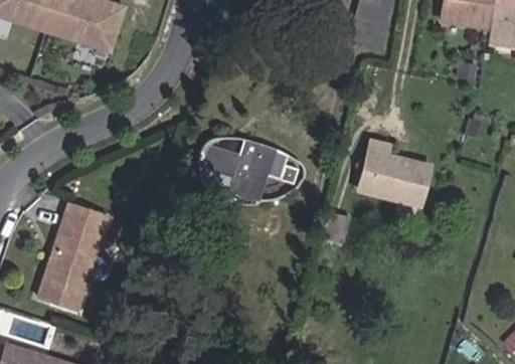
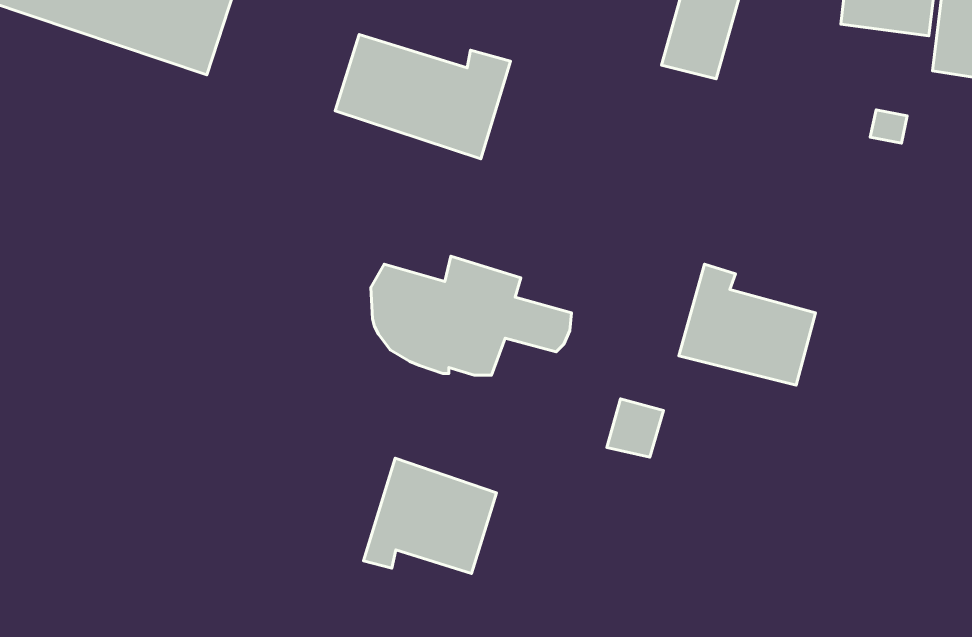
building: none -> [335,34,511,159]
building: [36,209,106,316] -> none
building: none -> [364,458,496,573]

